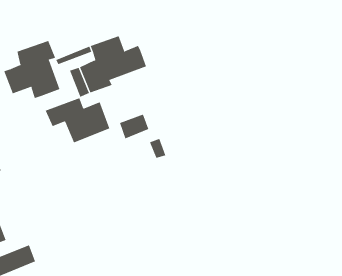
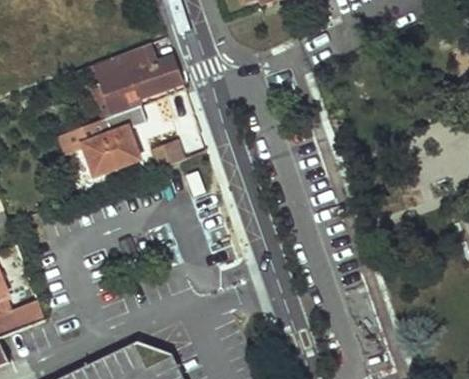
building: [4,40,60,99] -> none

